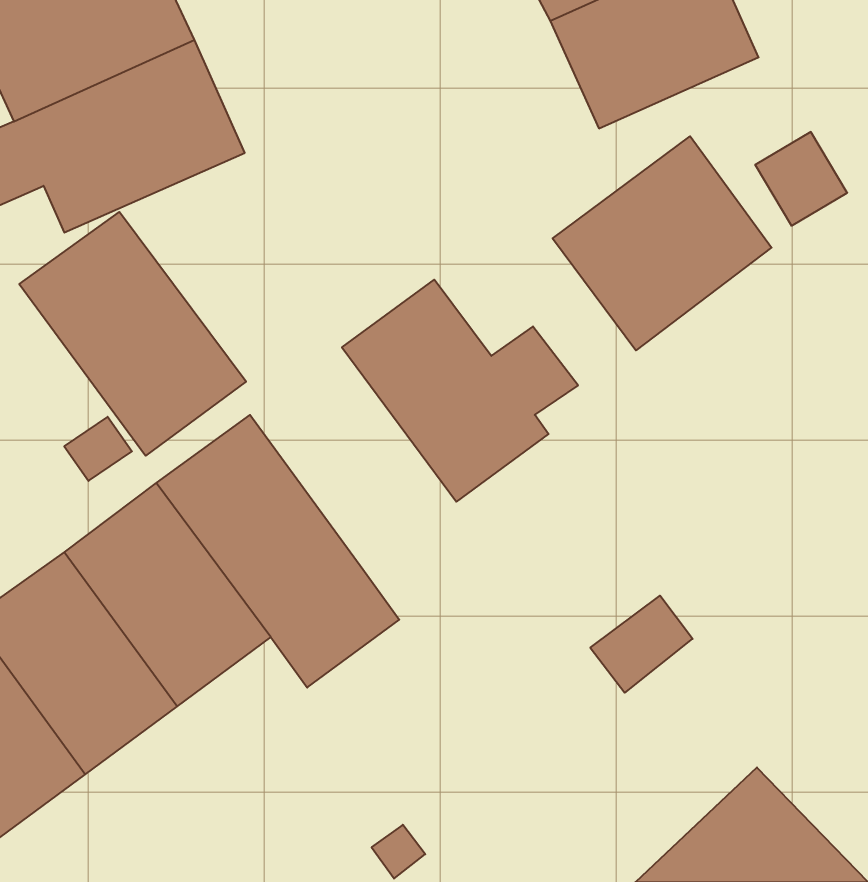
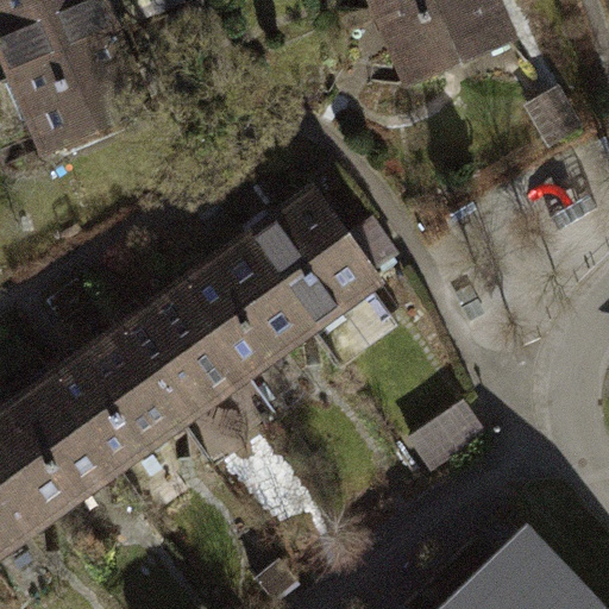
building: [553,136,772,350] -> none
building: [19,212,246,456] -> none
building: none -> [171,238,313,390]

